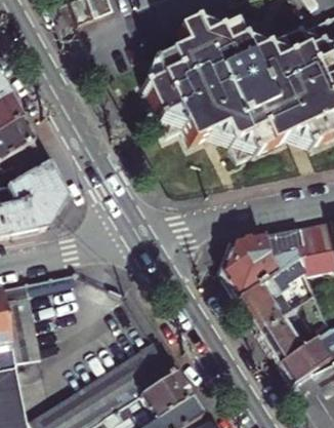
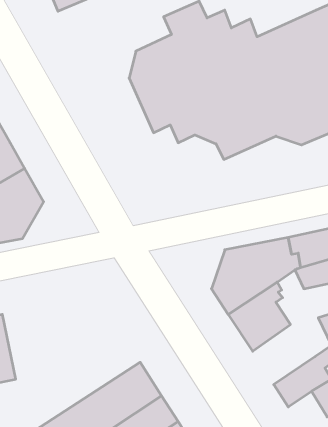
building: [258,308,316,364] -> none

